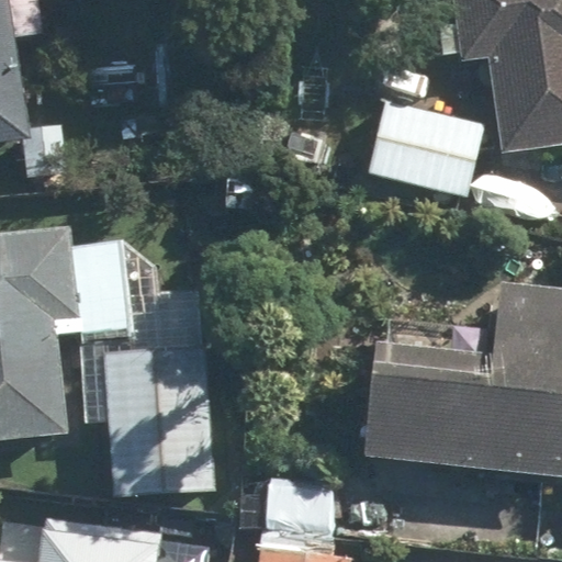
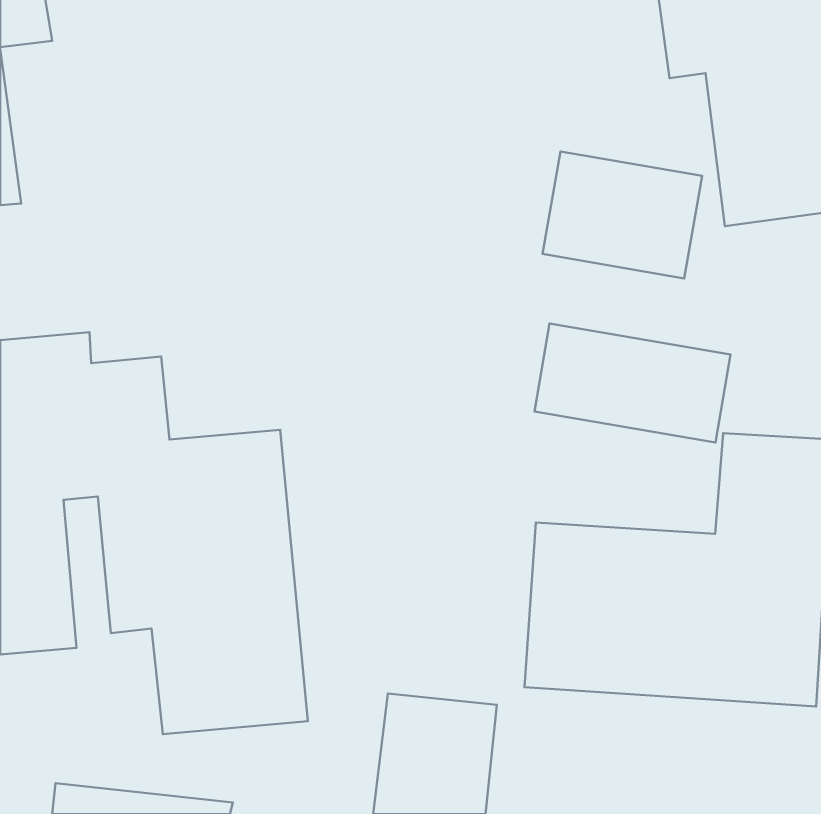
building: none -> [535,323,731,443]

